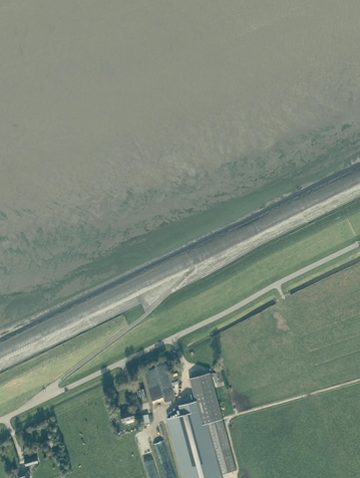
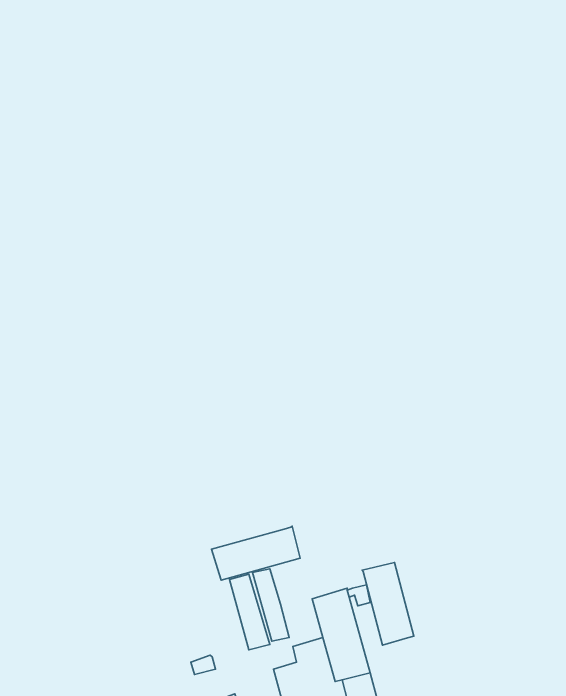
building: none -> [212,526,300,580]
building: none -> [362,562,414,645]

